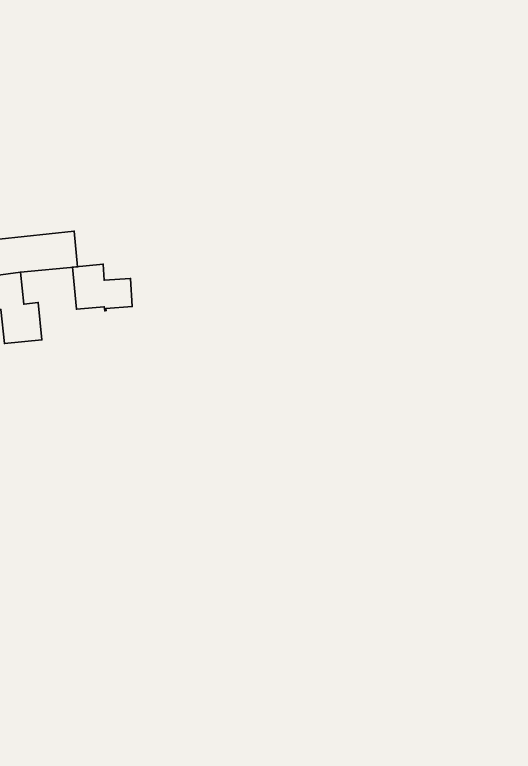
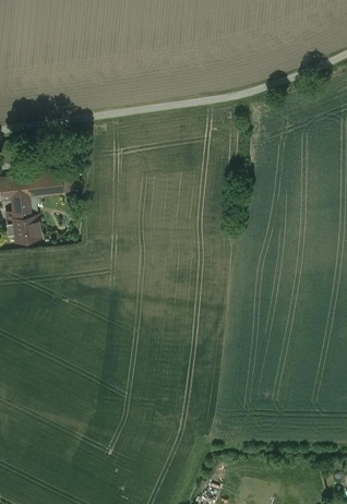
building: [73,264,132,311] -> none

